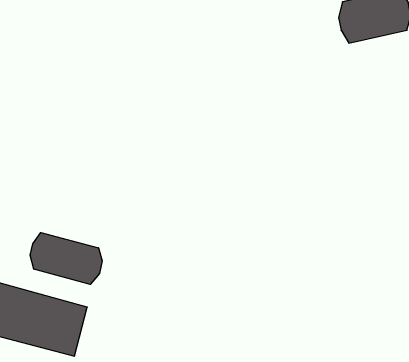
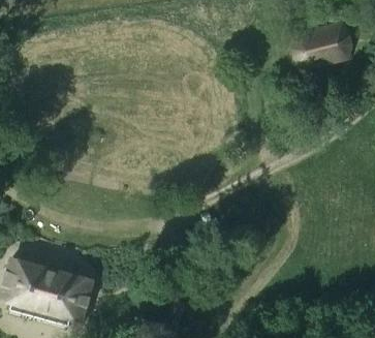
building: [30,233,102,284] -> none

